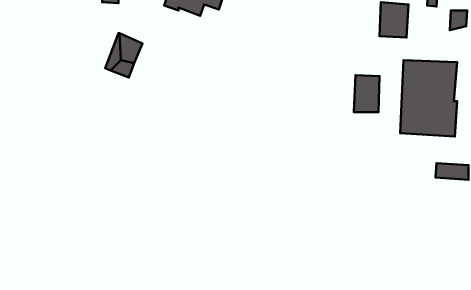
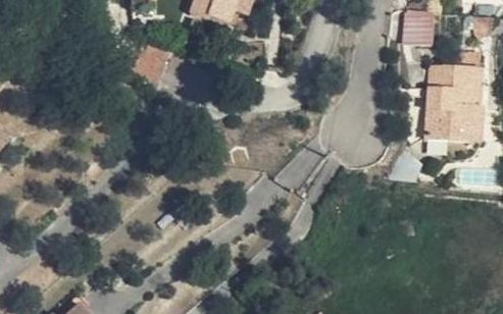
building: [354,75,379,112] -> none

